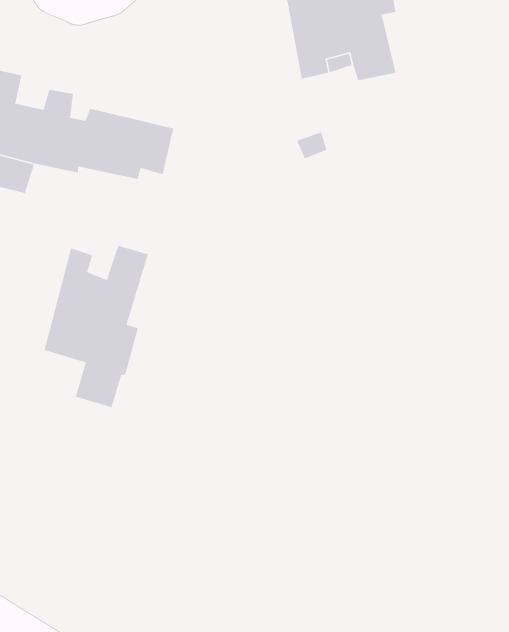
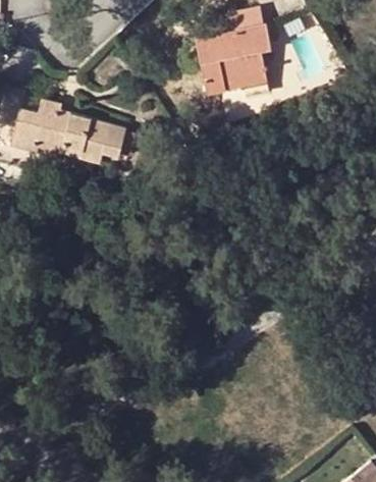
building: [44,245,149,408] -> none

